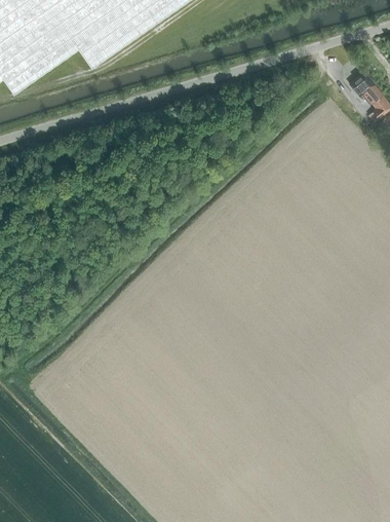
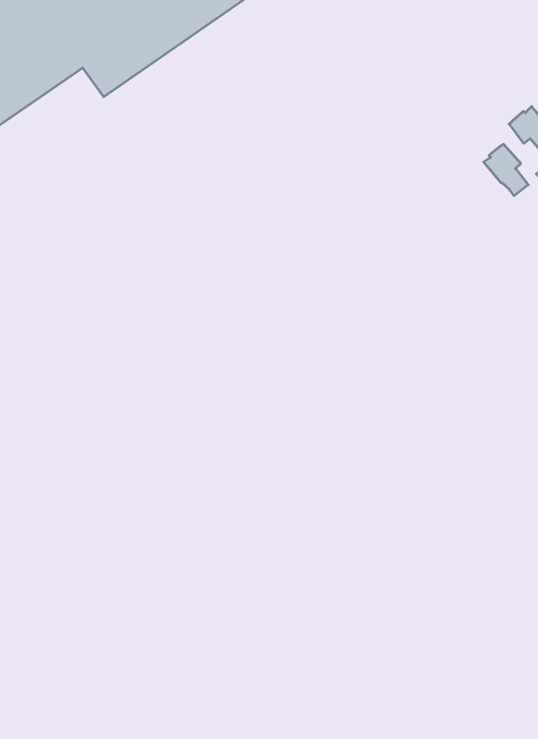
building: none -> [484,144,528,196]

